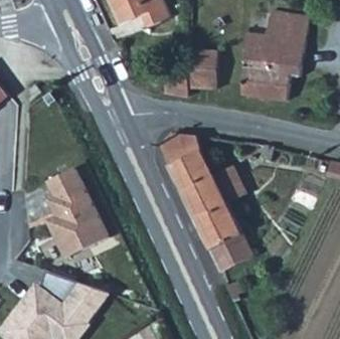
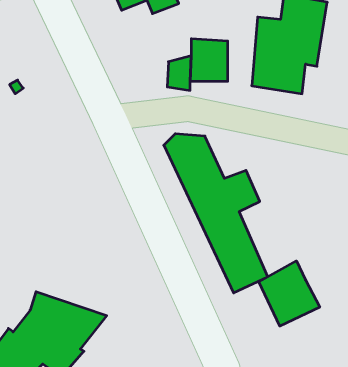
building: [47,165,110,256] -> none
building: none -> [259,261,320,326]

